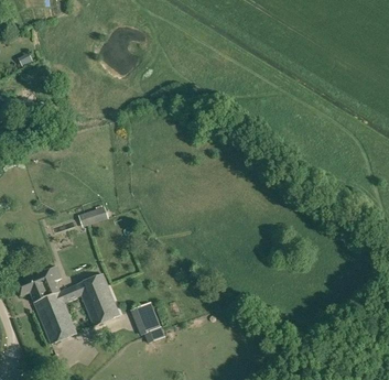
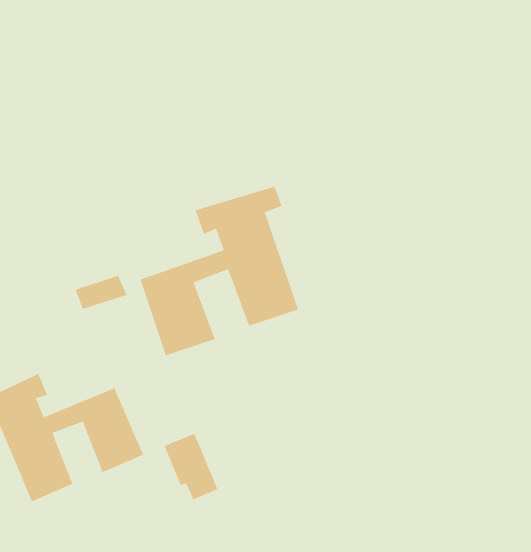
building: none -> [140,186,299,356]

